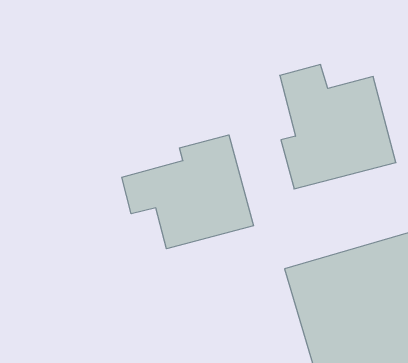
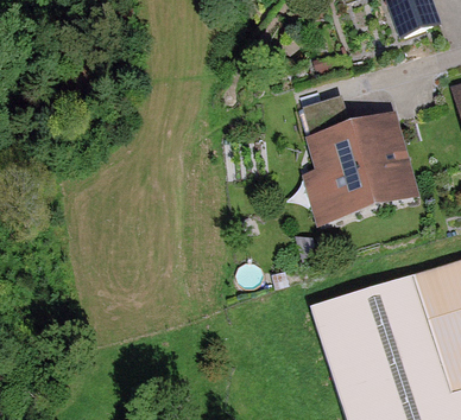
building: [122,135,253,249] -> none

